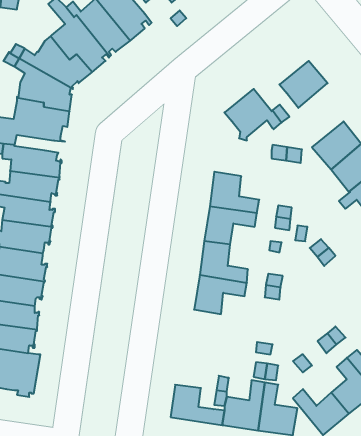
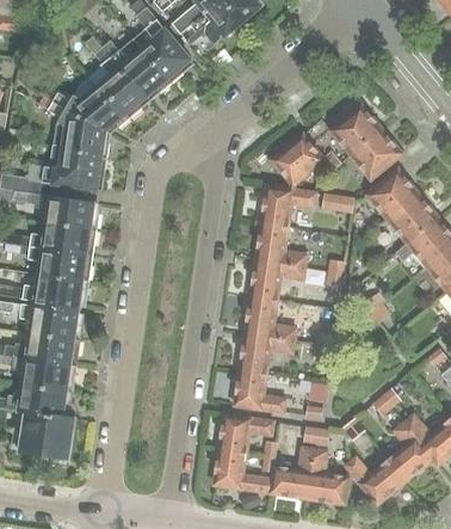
building: none -> [351,128,402,178]
building: none -> [261,185,317,227]
building: none -> [235,369,288,412]
building: none -> [220,413,274,453]

